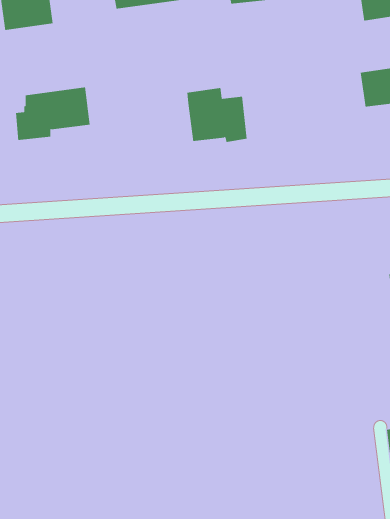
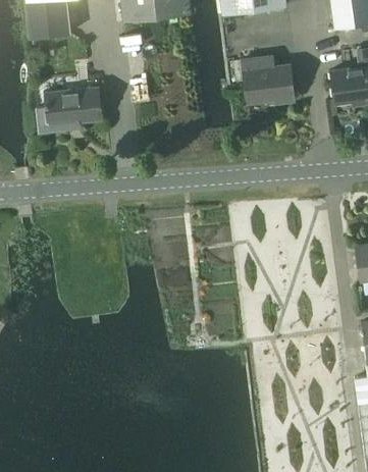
building: [186,88,247,143] -> [243,57,295,104]

